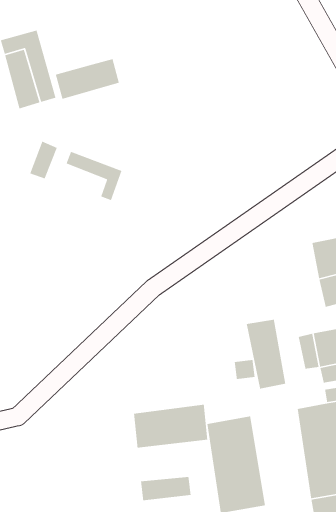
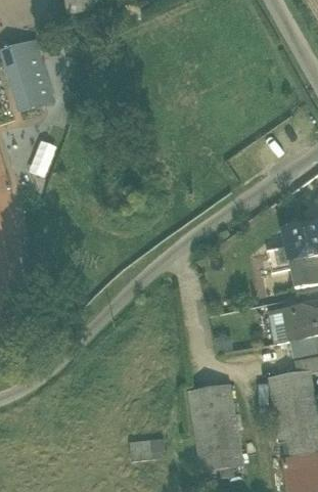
building: [55,58,120,100] -> none
building: [65,151,123,201] -> none
building: [246,319,286,390] -> none
building: [133,404,208,449] -> none

